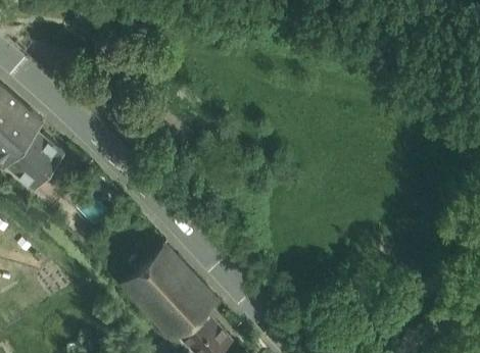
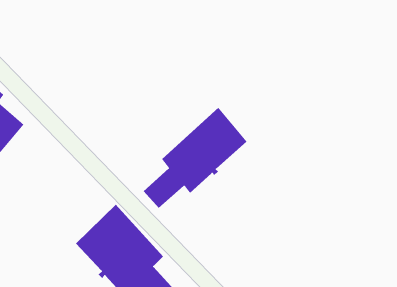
building: none -> [143,107,247,209]

